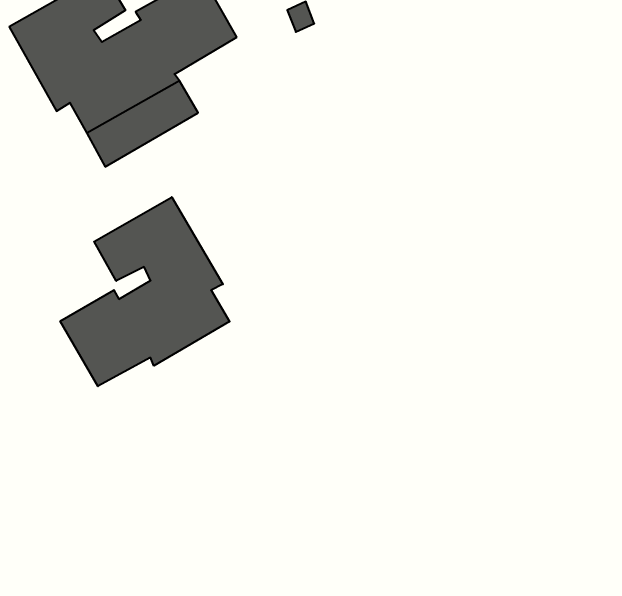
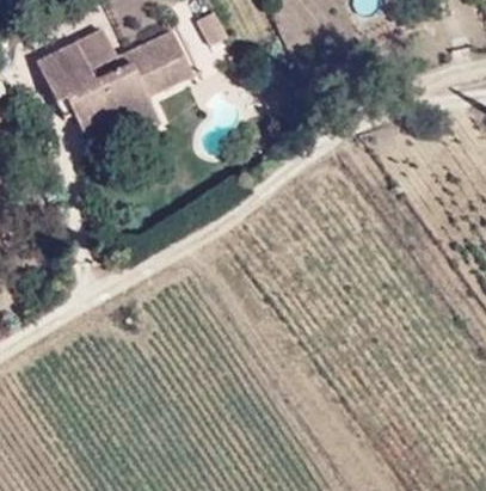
building: [60,197,230,386] -> none

